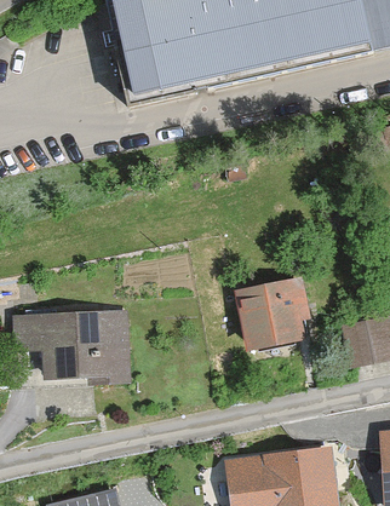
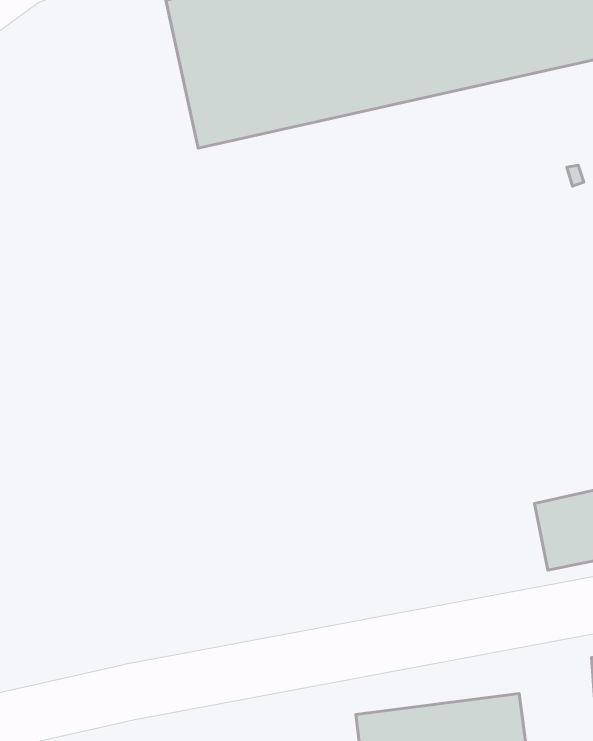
building: [237,278,310,352] -> none
building: [13,310,131,385] -> none

